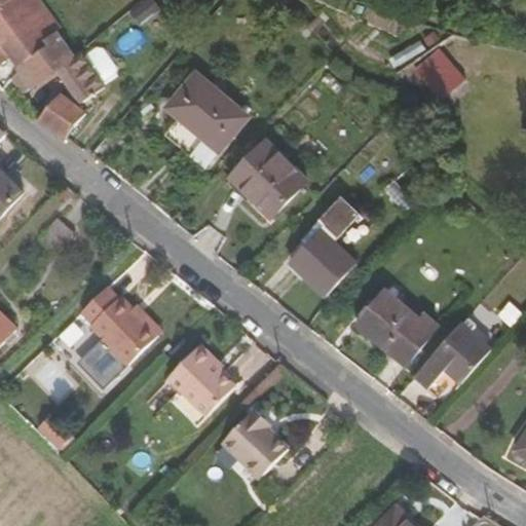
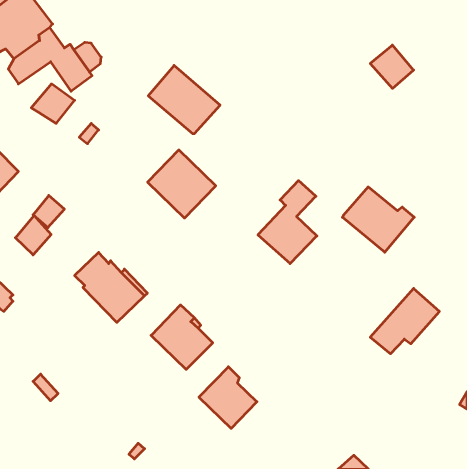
building: [228,141,304,217] -> [148,150,216,218]
building: none -> [15,215,51,255]
building: [355,291,436,364] -> [342,187,414,252]
building: [75,338,125,387] -> none

